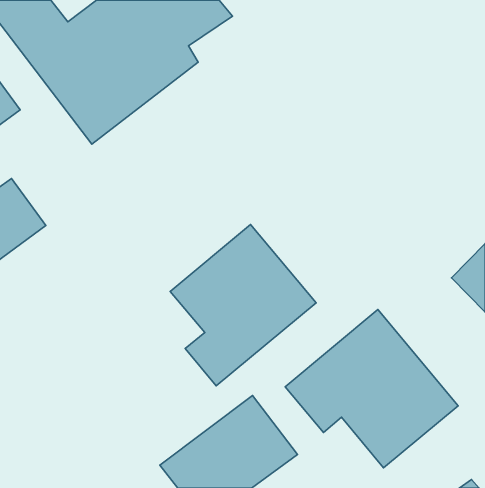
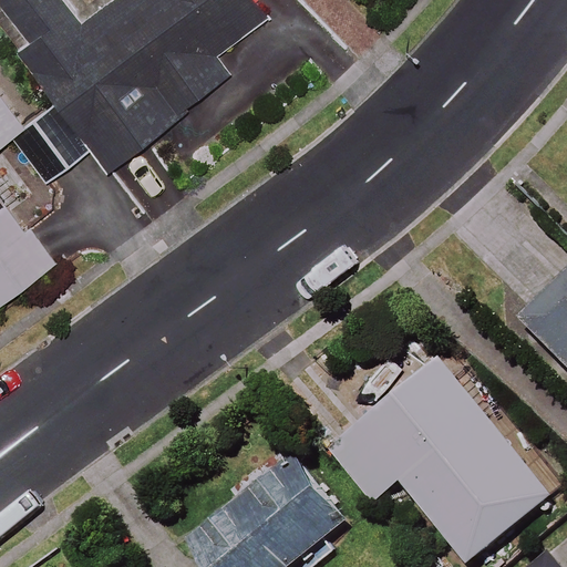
building: [170,225,316,386] -> none

